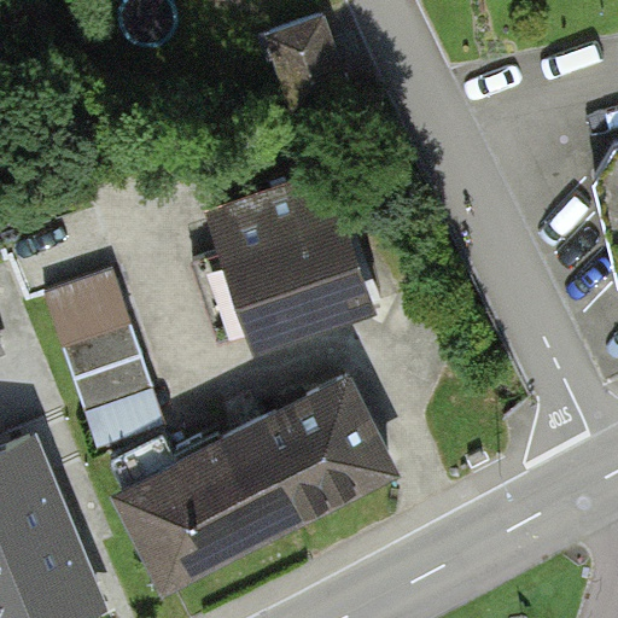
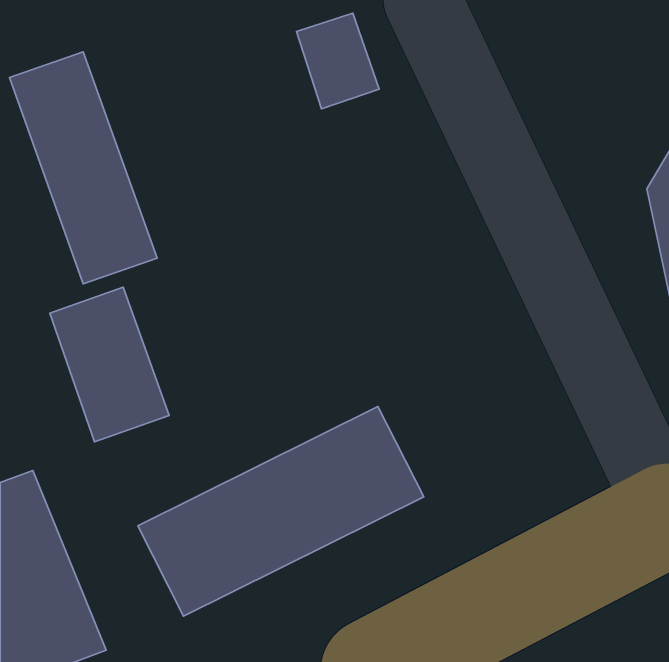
building: none -> [9,52,157,284]
building: [196,186,366,349] -> none

